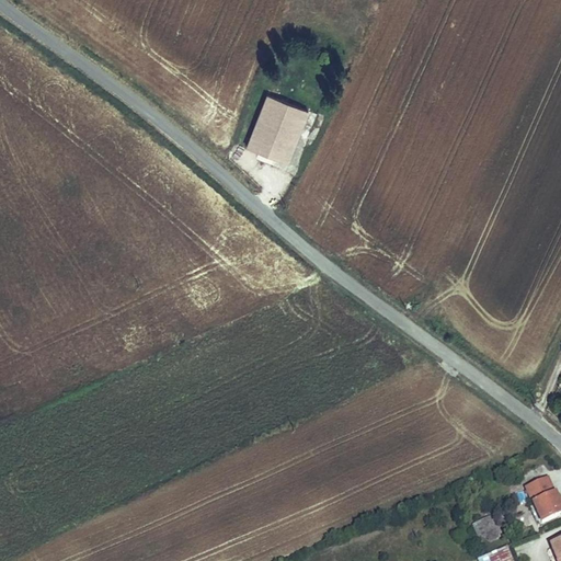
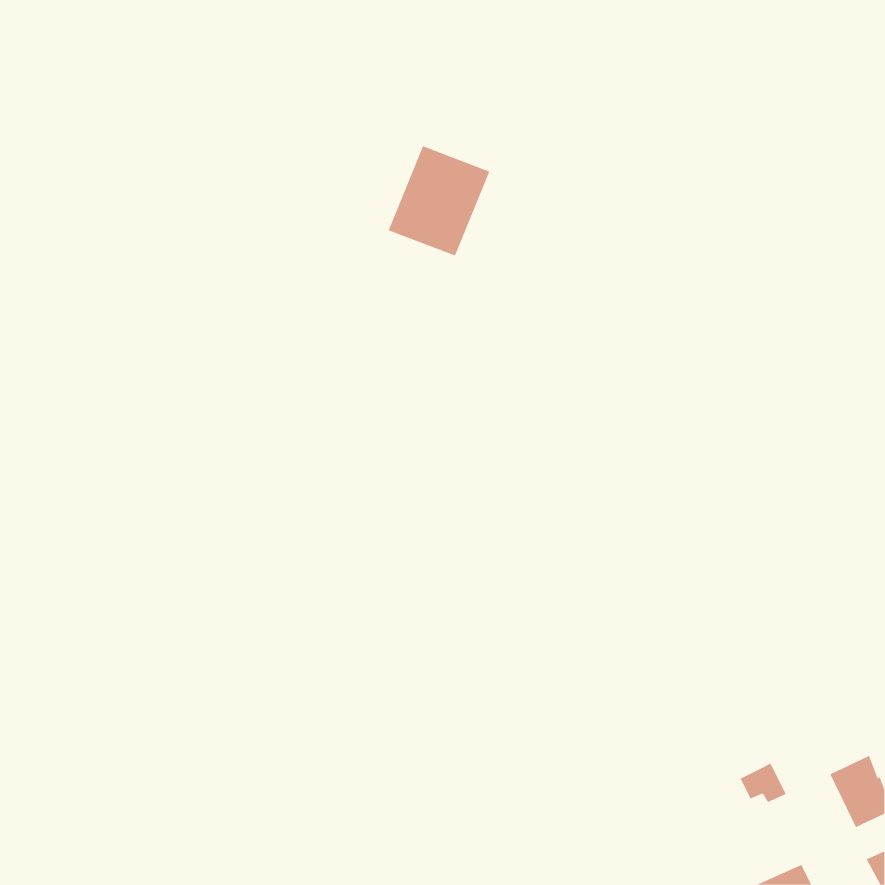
building: [471,516,501,541] -> [740,763,787,803]

